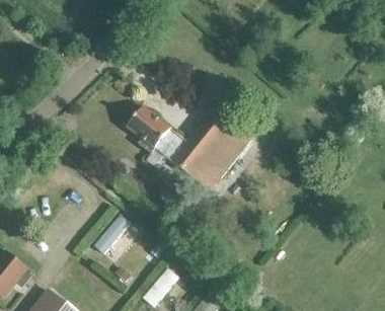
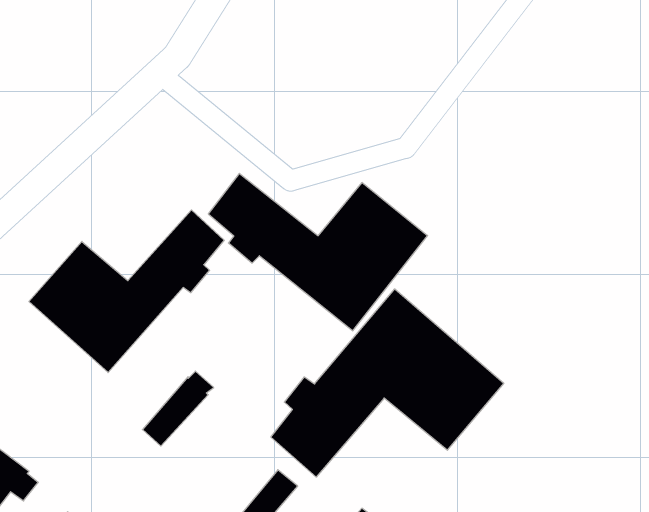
building: none -> [29,210,224,373]
building: none -> [271,289,504,477]

